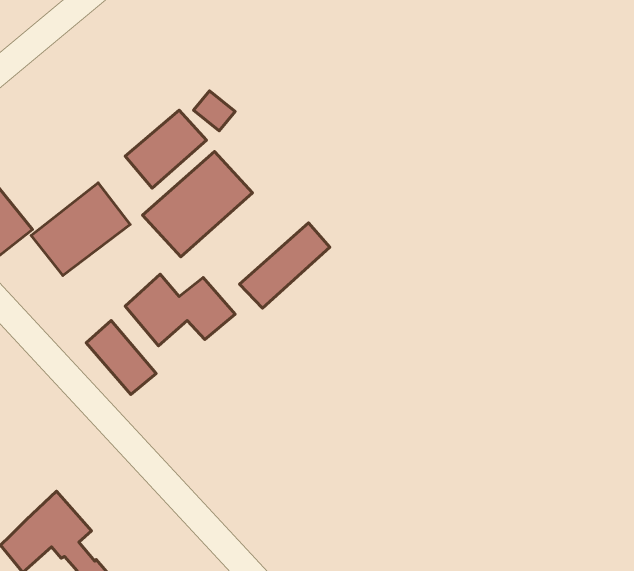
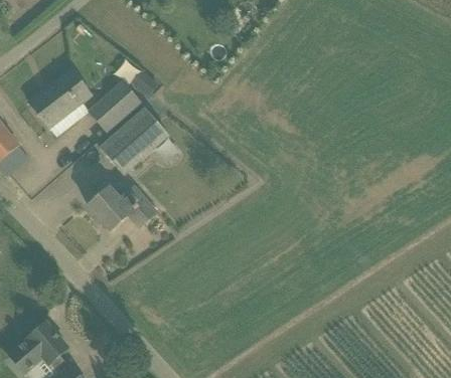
building: [31,183,130,275] -> [28,68,91,127]
building: [240,223,330,308] -> none
building: [86,320,156,394] -> none

